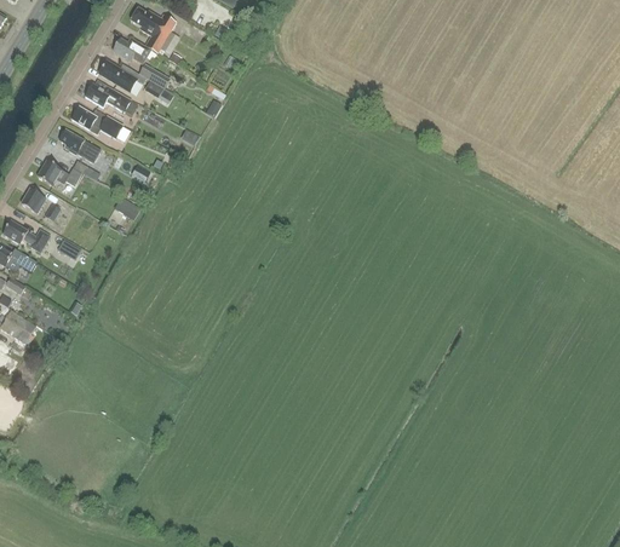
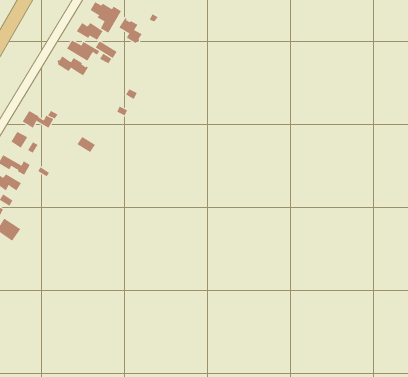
building: none -> [119,17,143,44]
building: [73,106,122,138] -> none
building: [59,128,101,162] -> none

